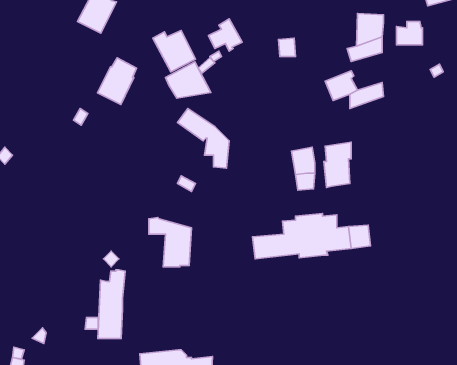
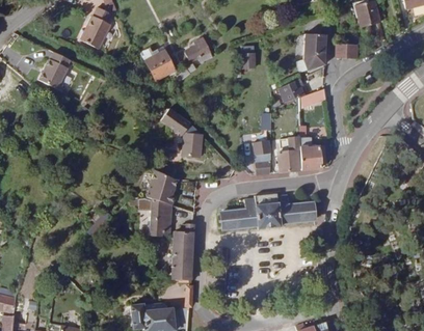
building: [98,58,137,105] -> [39,53,71,90]
building: [165,62,211,98] -> none
building: none -> [300,127,322,170]
building: none -> [147,170,178,205]
building: [98,270,125,339] -> [173,224,194,279]

